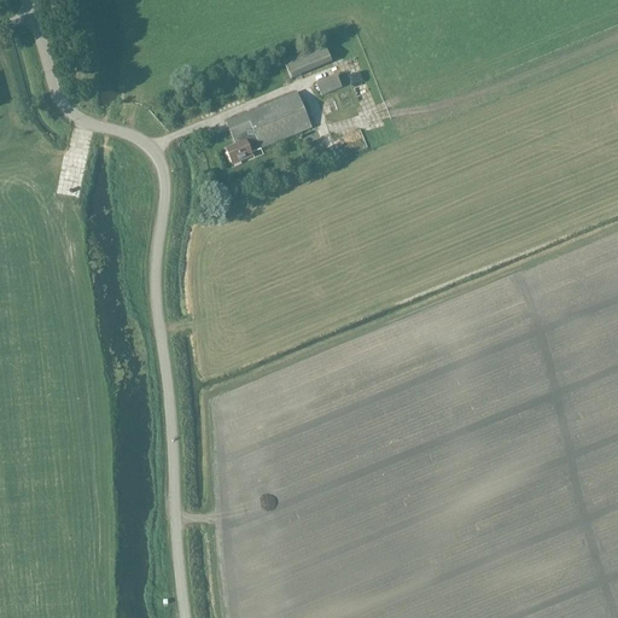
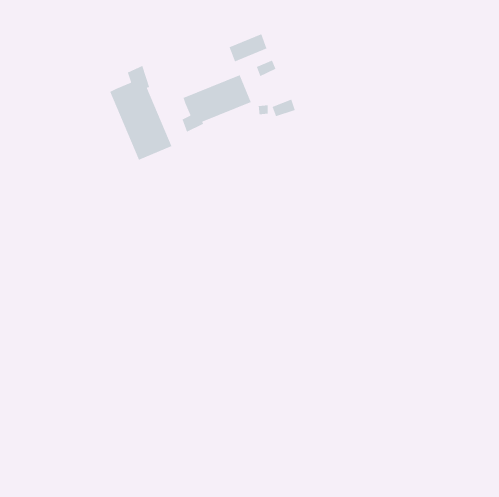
building: none -> [109,65,173,161]

